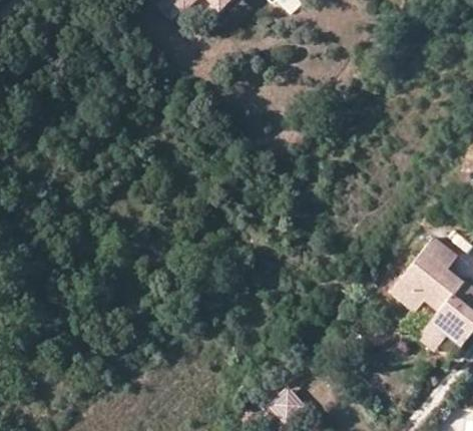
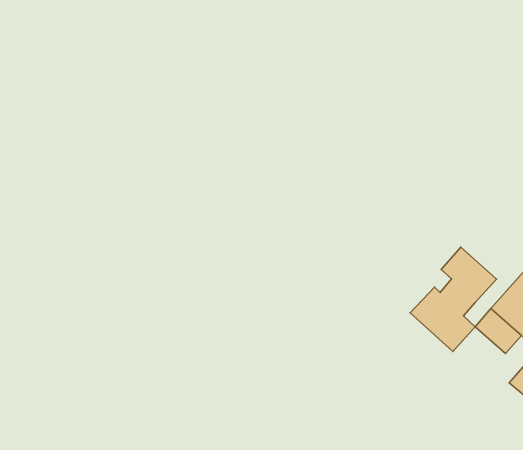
building: none -> [410,247,496,352]

